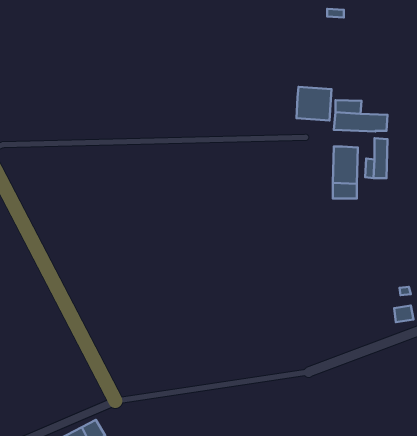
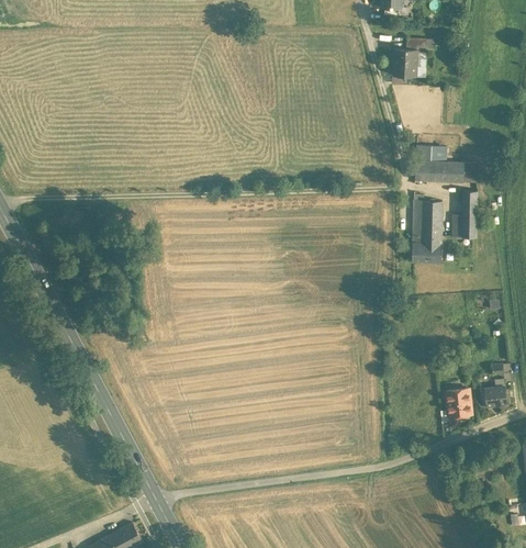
building: none -> [393,48,417,76]
building: [297,87,331,120] -> none
building: none -> [446,388,471,415]

